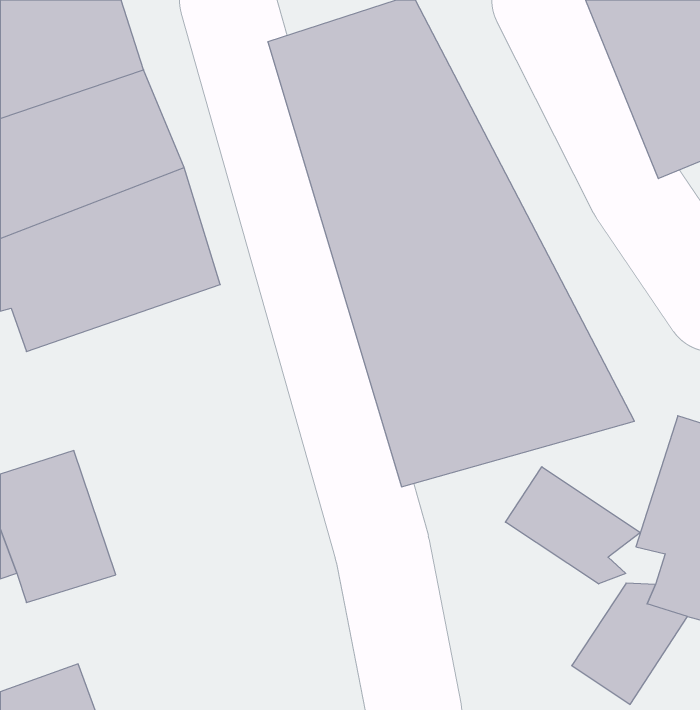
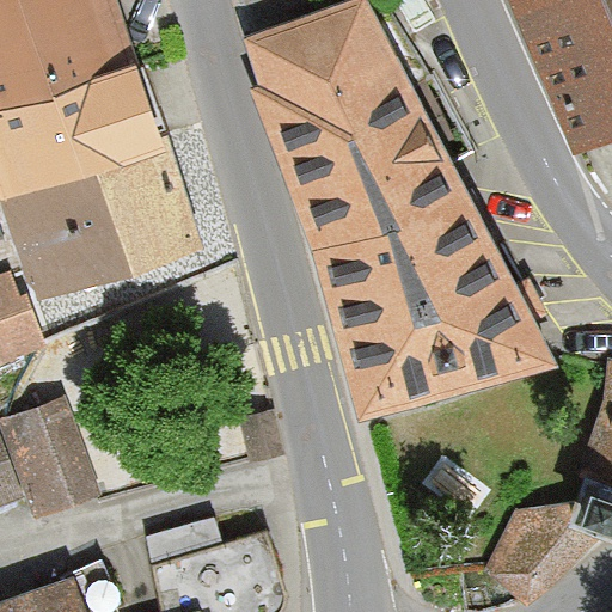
building: [505,467,640,584] -> none

